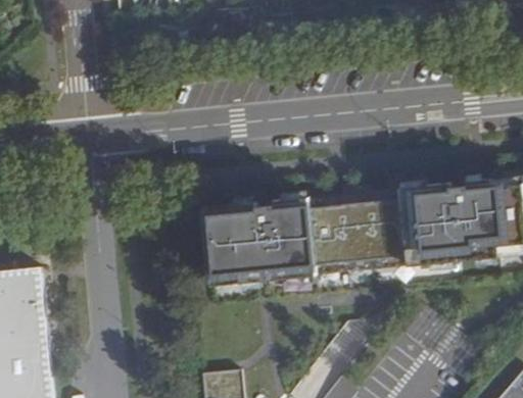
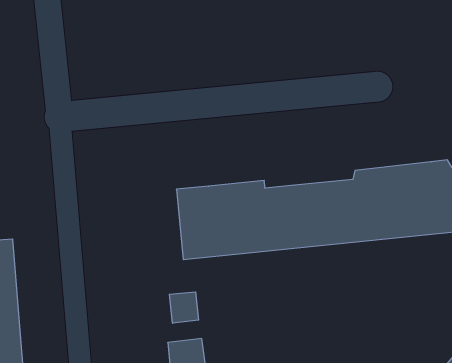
building: none -> [169,292,199,323]

